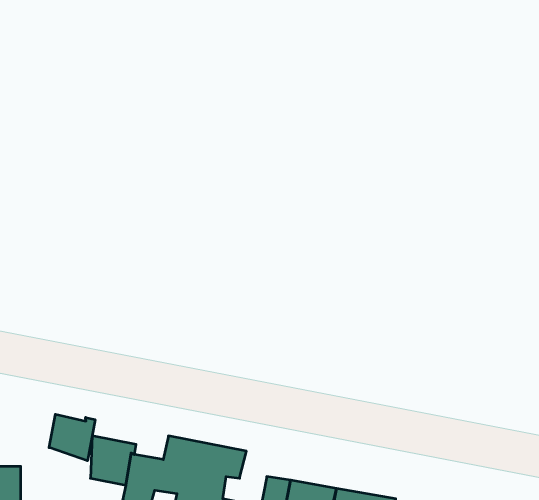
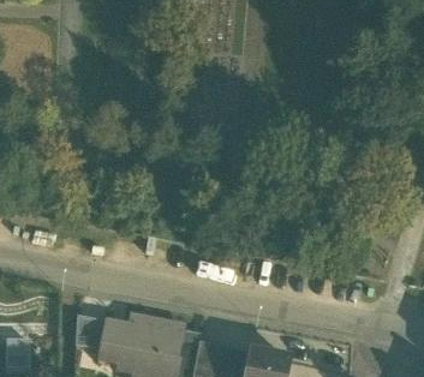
building: [49,414,95,461] -> none

